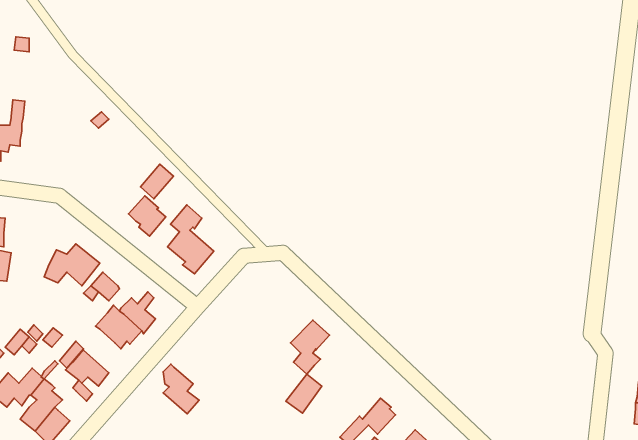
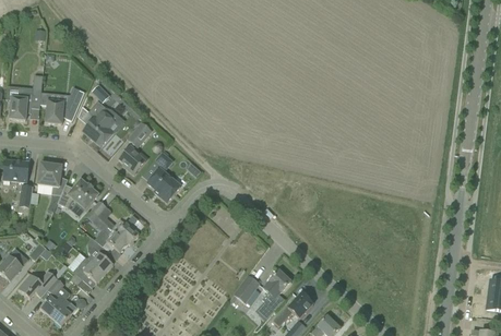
building: none -> [45,88,84,123]
building: none -> [82,100,114,146]
building: none -> [37,163,68,212]
building: [290,320,329,374] -> [262,271,290,310]
building: [163,364,199,414] -> [86,238,112,274]

